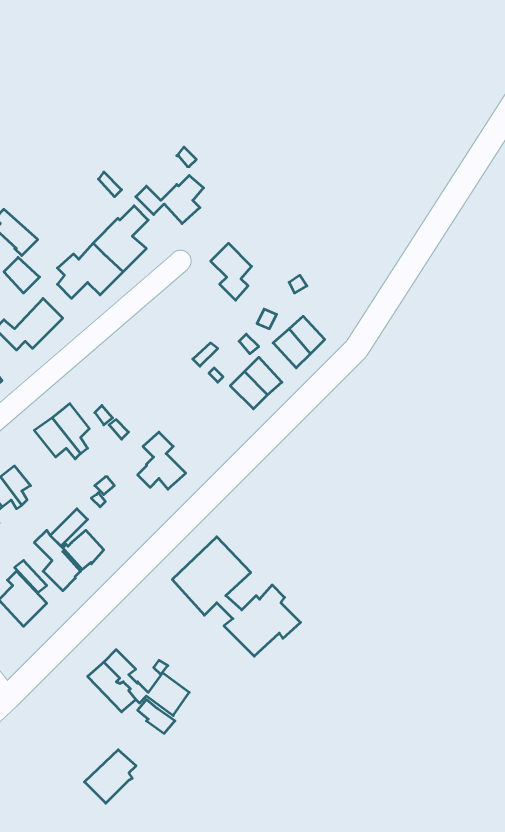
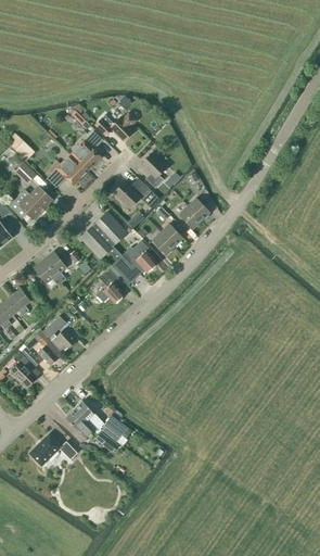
building: none -> [113,178,159,207]
building: [172,537,301,656] -> [79,211,157,283]
building: [84,750,136,803] -> [28,433,60,466]

